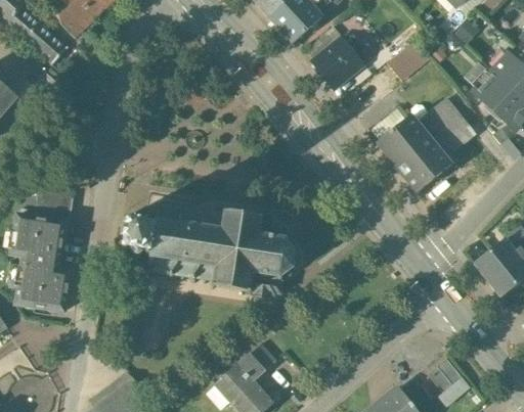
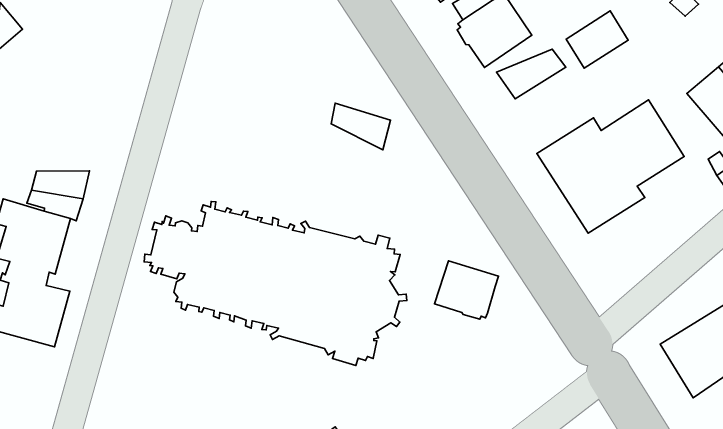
building: none -> [496,49,566,99]
building: none -> [331,103,390,150]
building: none -> [435,261,499,319]

